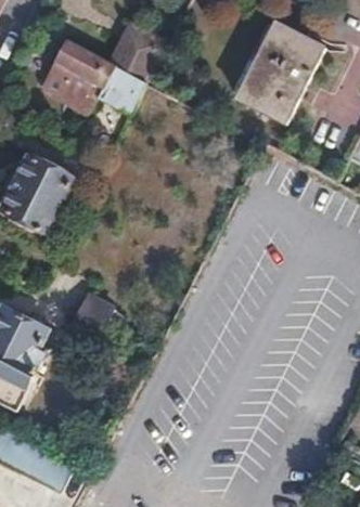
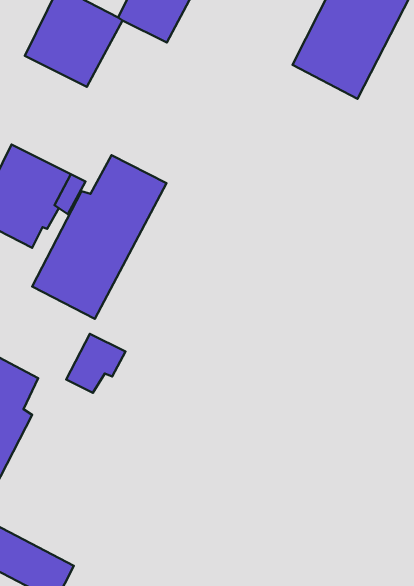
building: [97,64,143,108] -> none
building: none -> [32,155,167,319]

